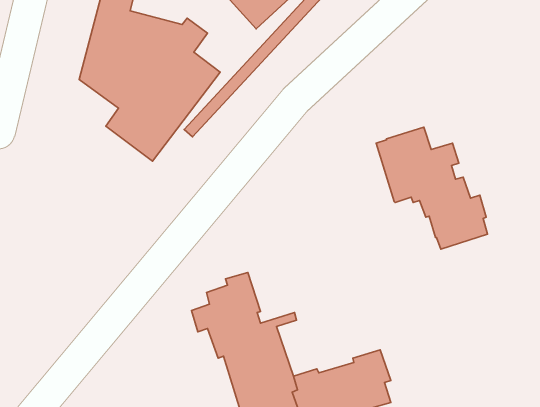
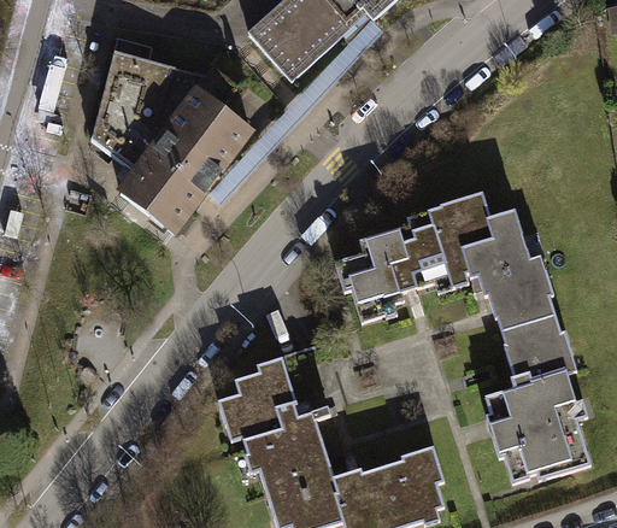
building: none -> [335,211,448,322]
building: none -> [486,315,590,483]

